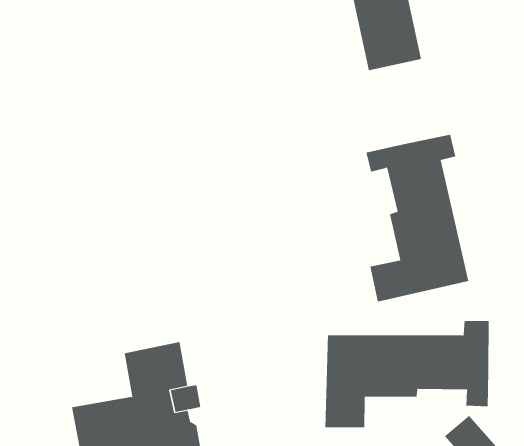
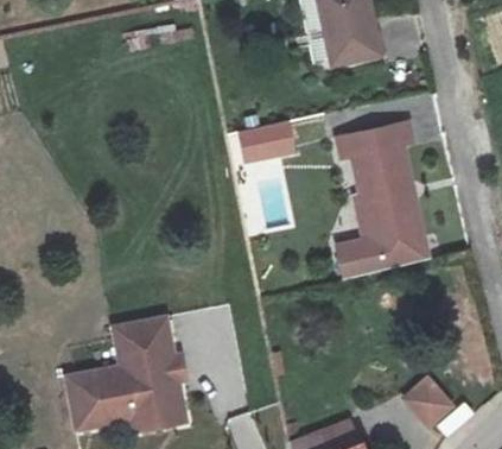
building: none -> [237,122,292,162]
building: [325,320,489,428] -> none

